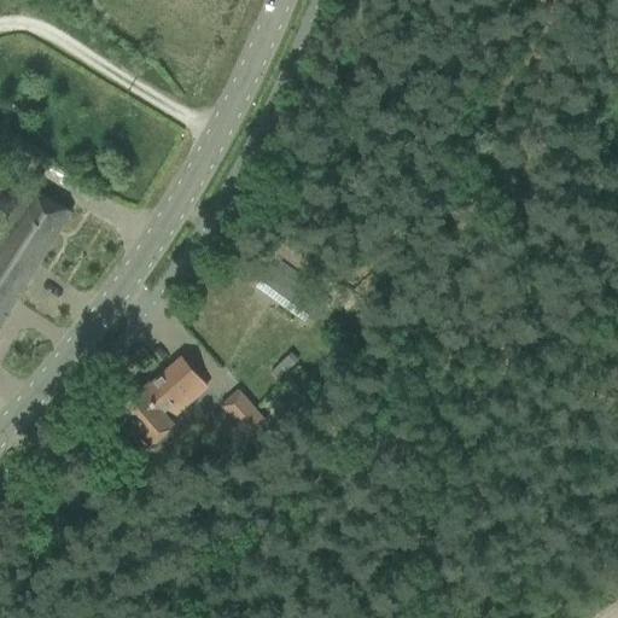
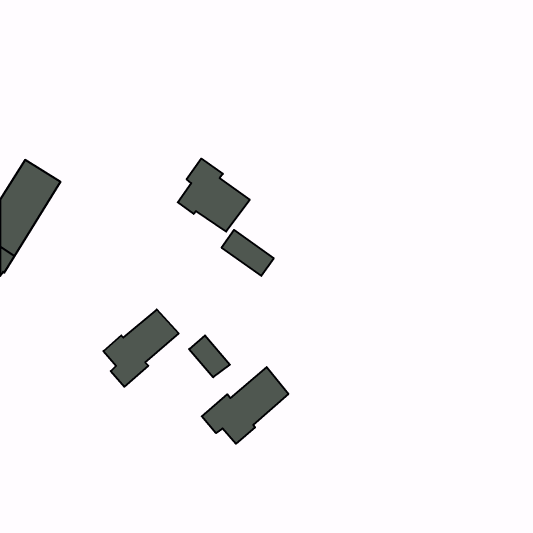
building: none -> [178,159,250,232]
building: none -> [202,367,288,444]

